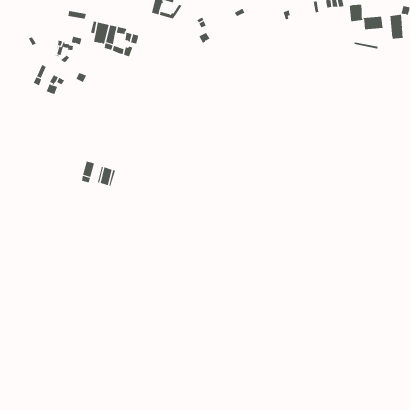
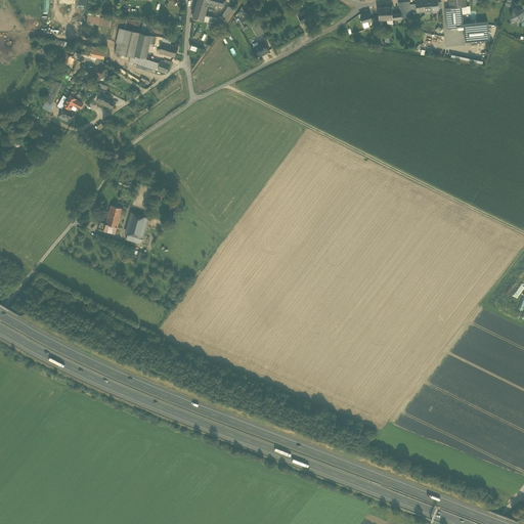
building: [390,14,403,39] -> none

